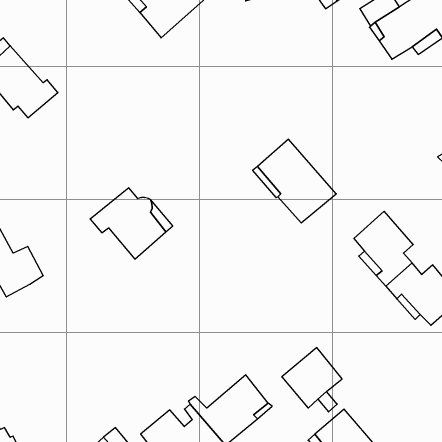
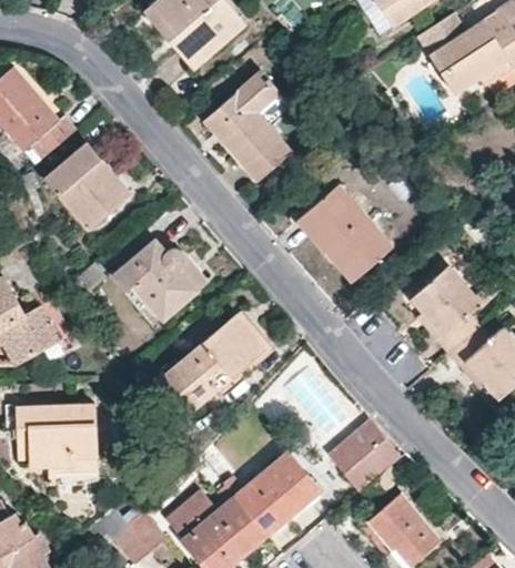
building: none -> [203,71,290,181]
building: none -> [44,143,130,230]
building: none -> [159,315,263,413]
building: none -> [16,404,97,483]

